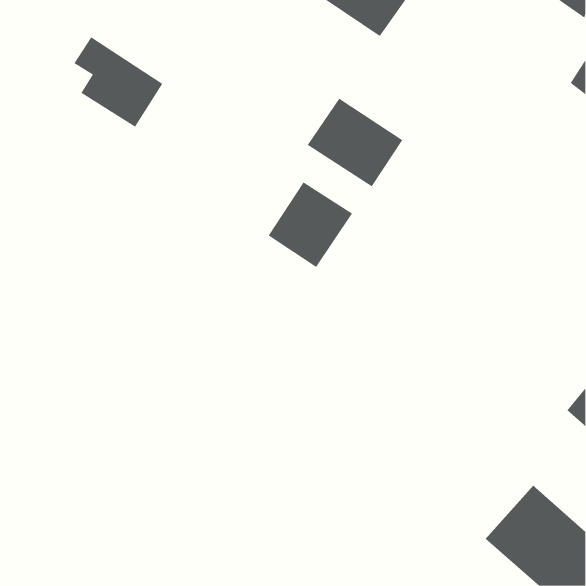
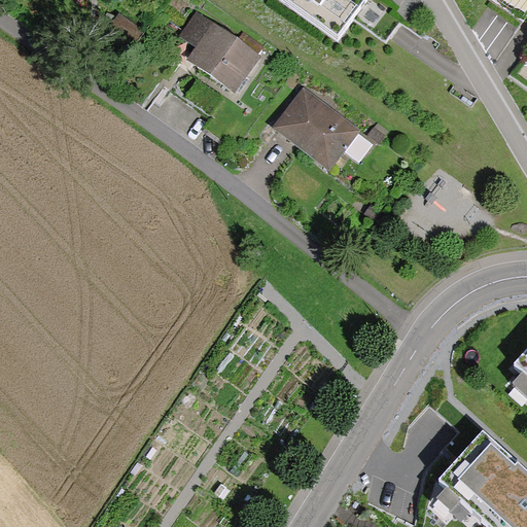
building: [73,37,163,127] -> [181,11,261,93]
building: [268,182,353,268] -> none

